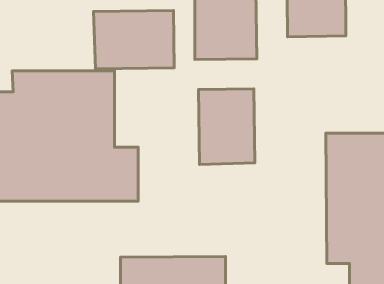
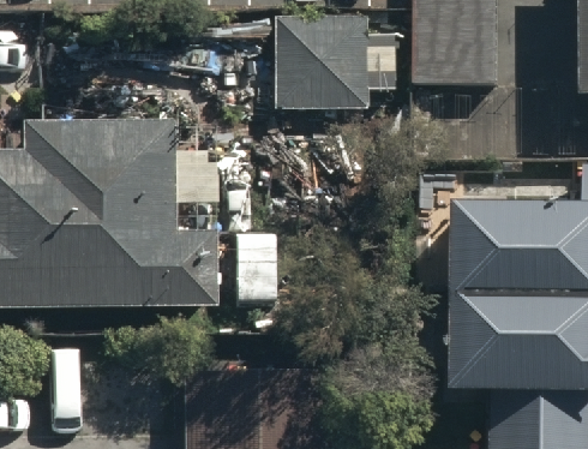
building: [94,10,174,69] -> none
building: [199,89,255,165] -> none

